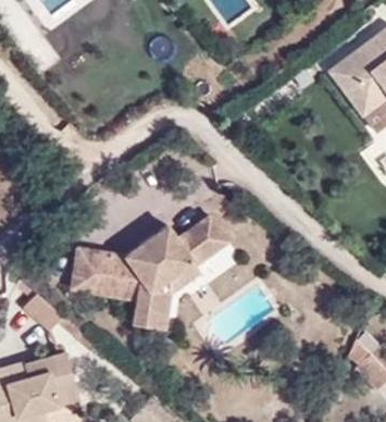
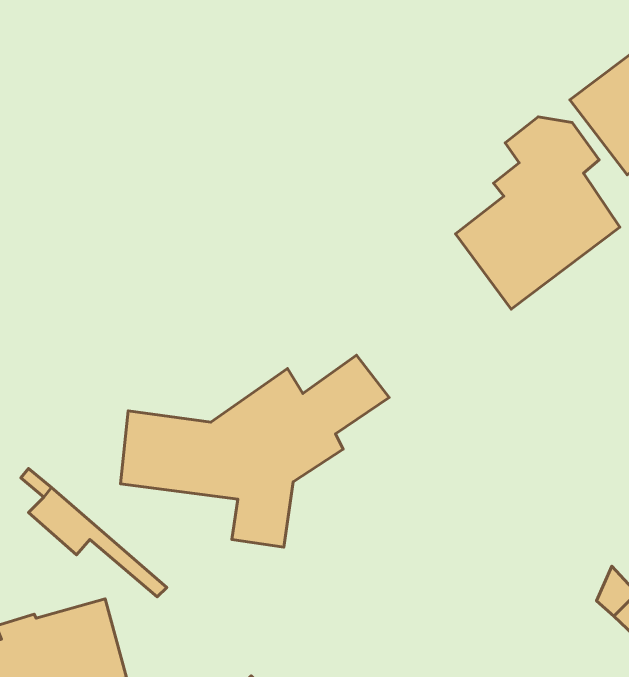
building: none -> [456,117,620,309]

